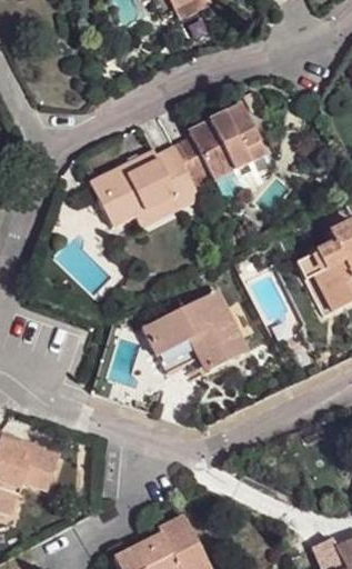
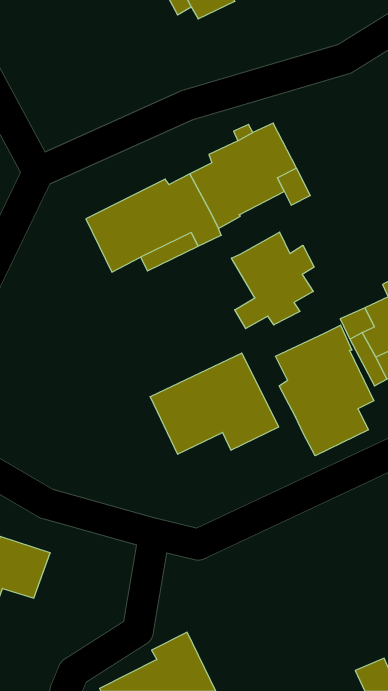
building: none -> [231,232,314,329]
building: none -> [275,325,374,456]

